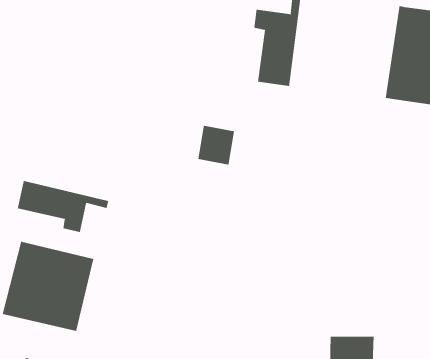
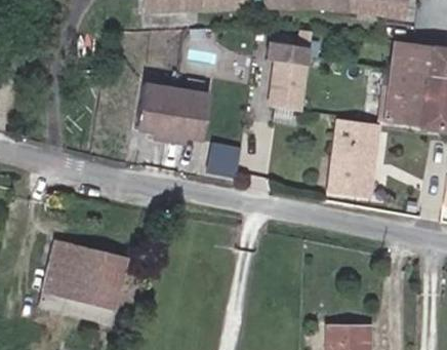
building: none -> [139,81,212,142]
building: none -> [326,122,373,194]
building: [17,180,109,233] -> none

